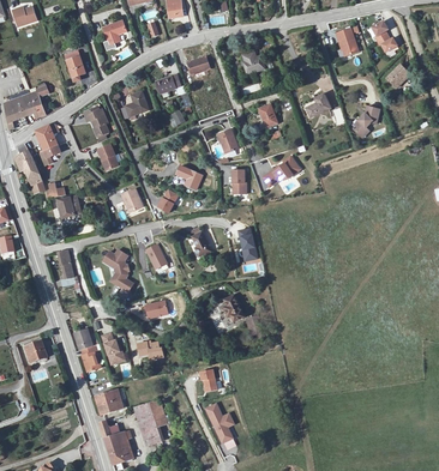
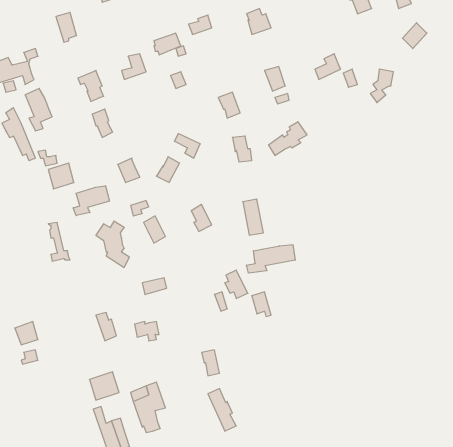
building: none -> [73,186,109,216]
building: none -> [246,245,295,273]
building: [73,327,100,370] -> none

